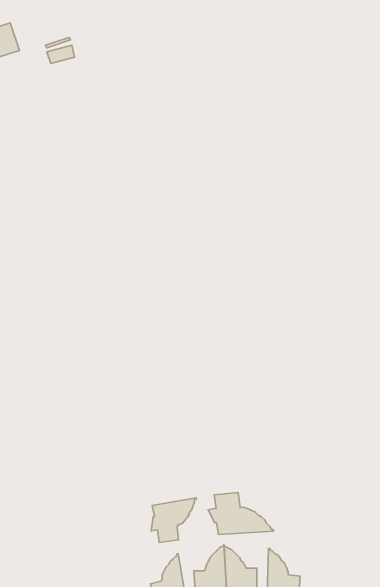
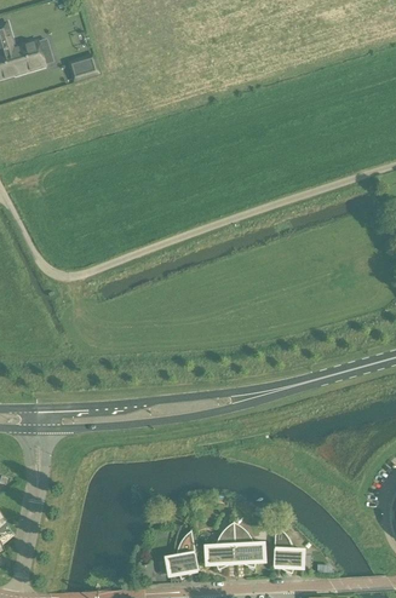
building: [208,493,273,534] -> none
building: [151,498,197,543] -> none

